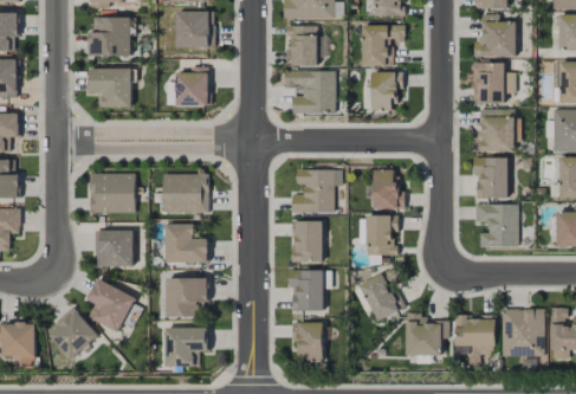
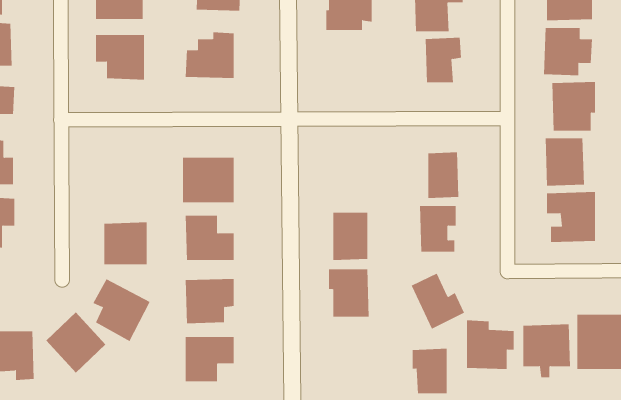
building: [284,71,335,114] -> none
building: [292,169,342,213] -> none
building: [90,174,135,213] -> none
building: [292,322,323,361] -> [412,348,448,394]

